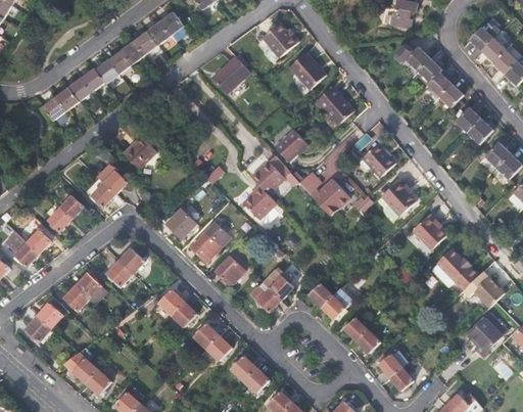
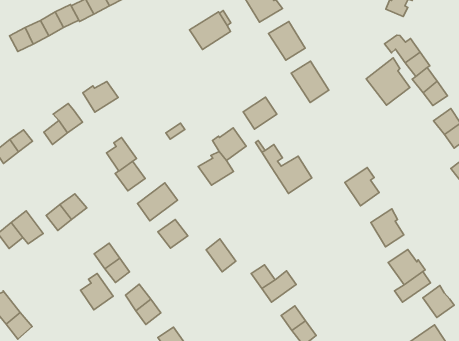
building: none -> [366,58,410,105]
building: [362,141,394,175] -> none
building: none -> [106,138,136,171]
building: [250,278,281,309] -> none
building: none -> [81,274,113,310]

